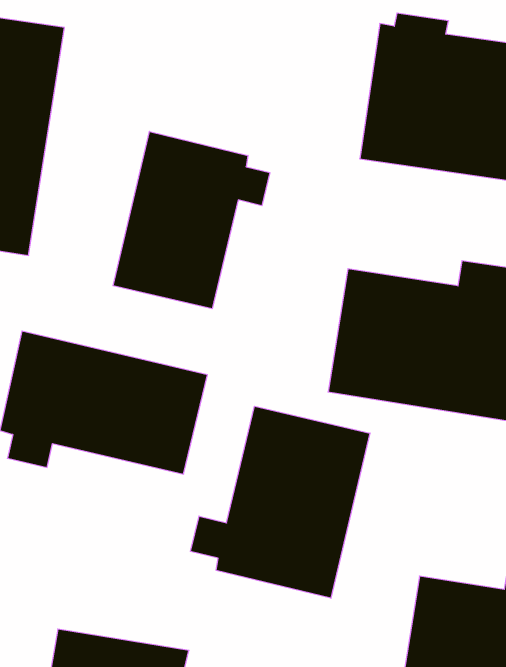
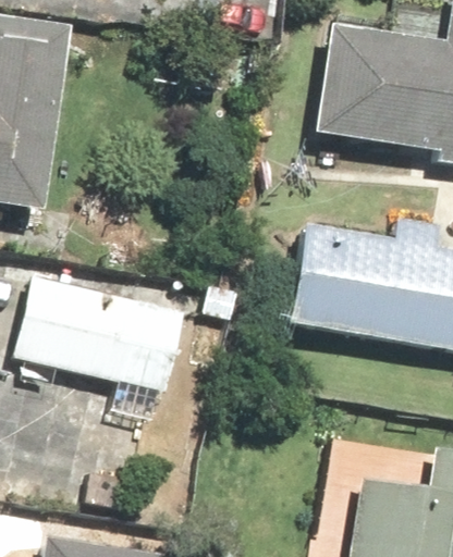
building: [113,131,270,309] -> none
building: [191,406,370,598] -> none

